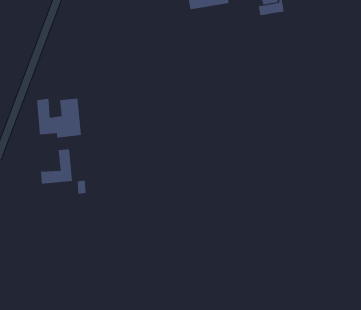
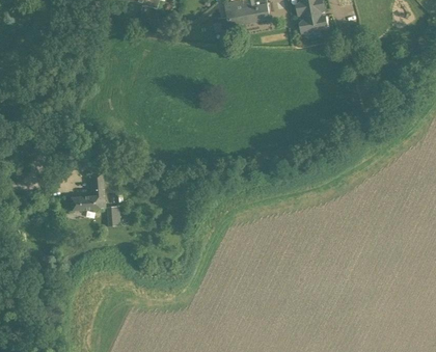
building: [36,98,82,138] -> none

